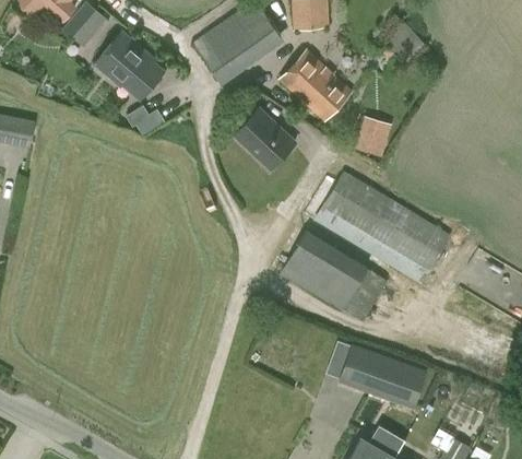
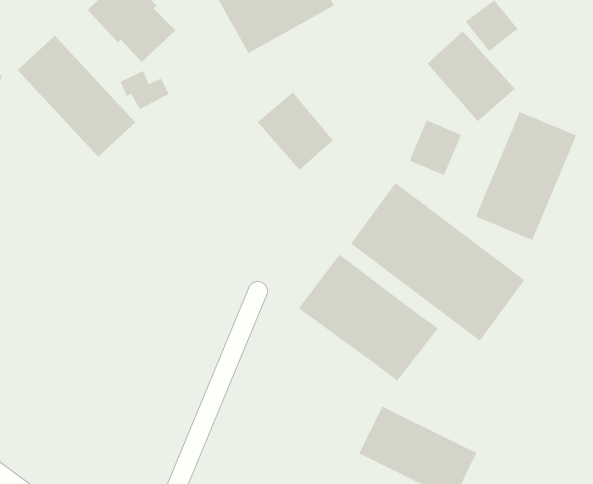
building: [281,51,351,120] -> [426,30,515,122]
building: none -> [17,35,136,158]
building: none -> [475,111,577,241]

